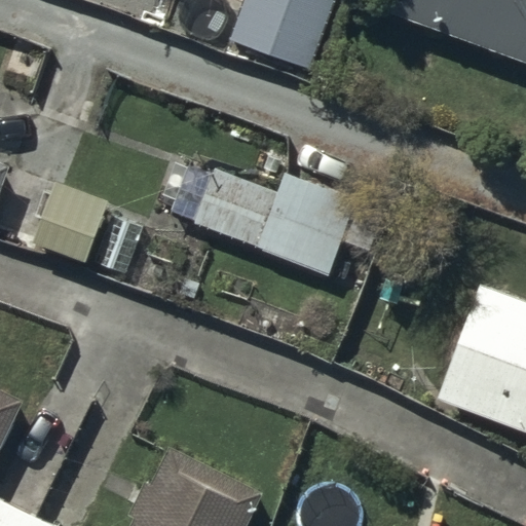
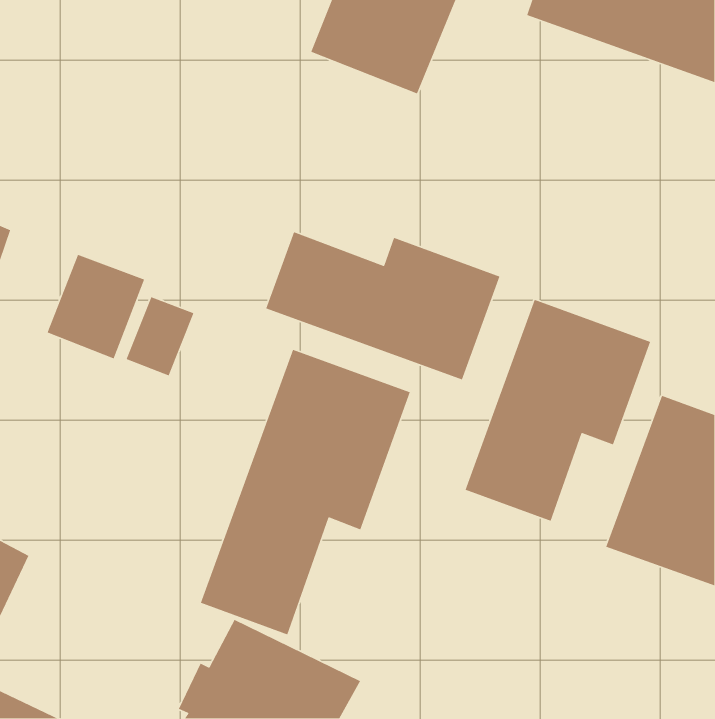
building: none -> [464,299,651,522]
building: none -> [200,349,411,635]

